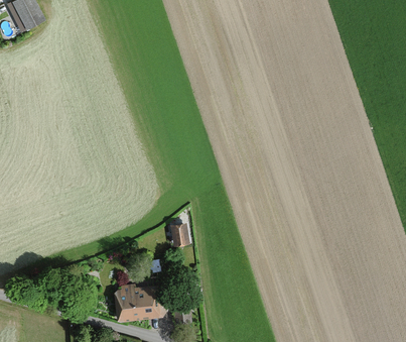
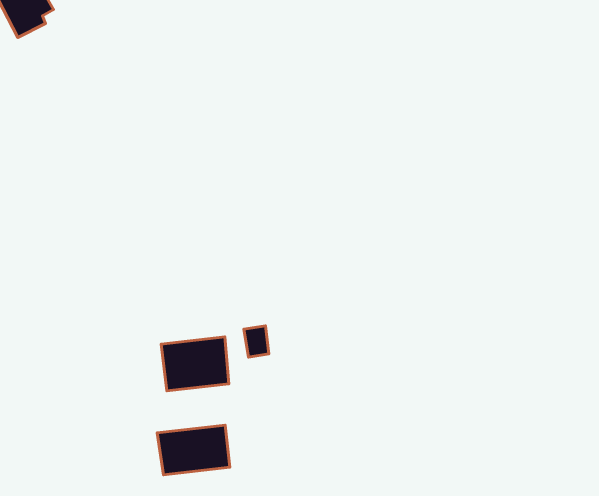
building: none -> [161,337,229,391]

